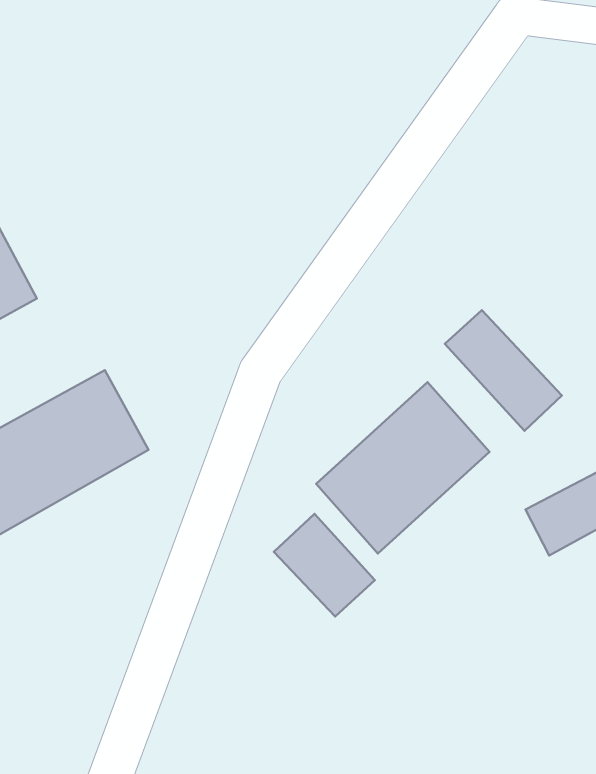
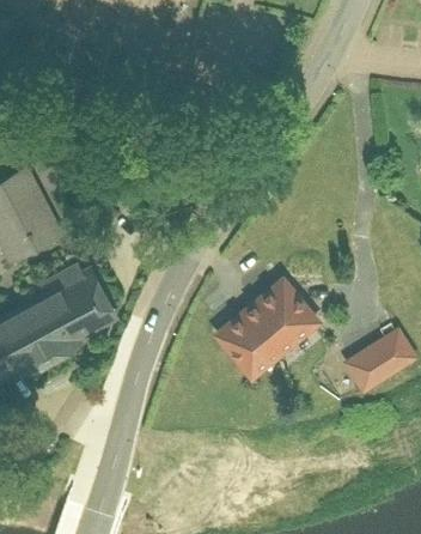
building: [445,310,562,431] -> none
building: [274,514,375,616] -> none

